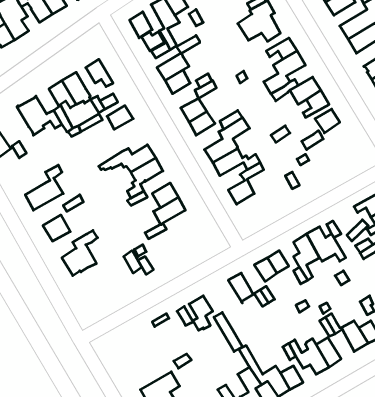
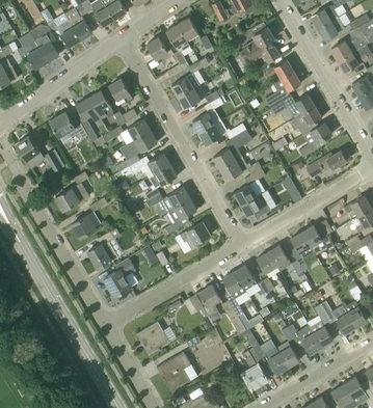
building: none -> [115,131,157,172]
building: none -> [307,151,347,178]
building: none -> [241,193,271,219]
building: none -> [180,221,211,250]
building: none -> [104,259,135,296]
building: none -> [221,272,246,316]
building: none -> [137,322,170,355]

